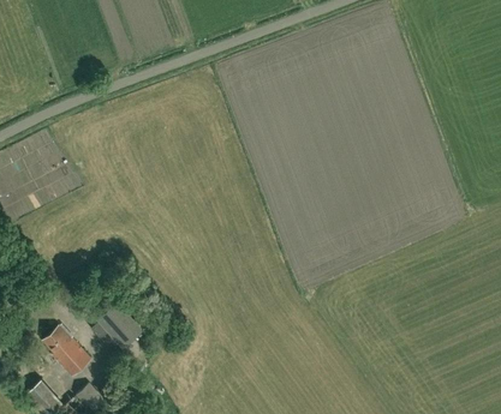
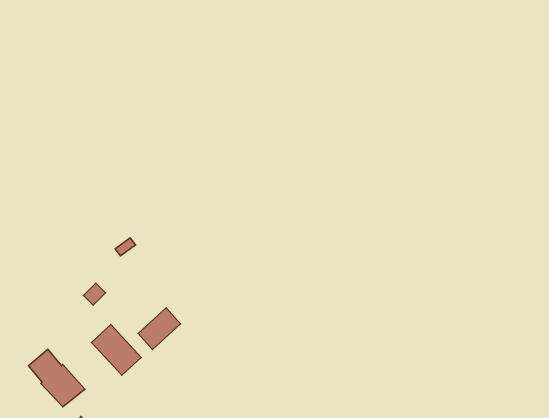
building: none -> [138,308,181,349]

